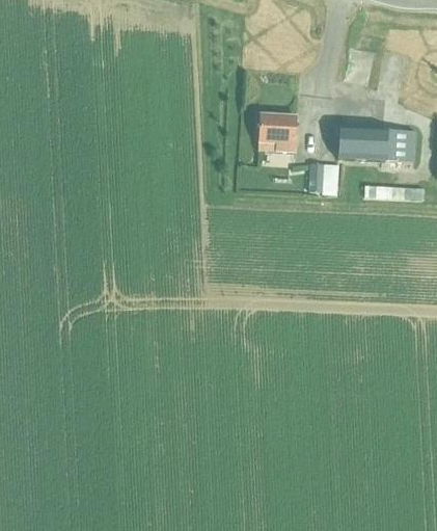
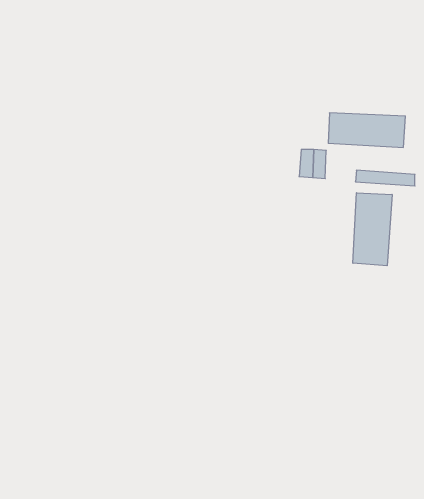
building: [258,114,296,152] -> none
building: none -> [353,193,392,266]

